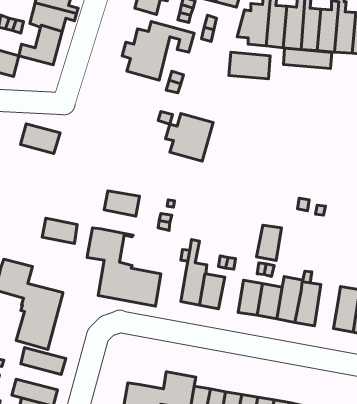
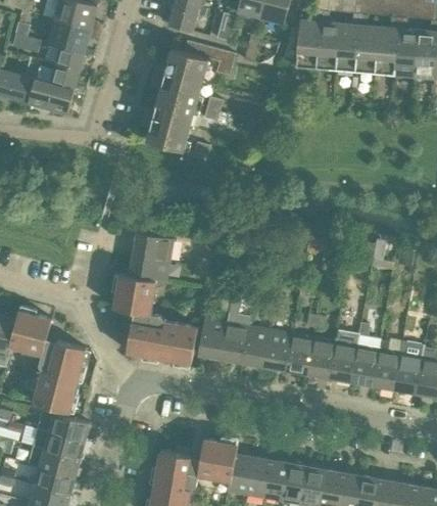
building: [283,48,332,69] -> none
building: [229,52,270,79] -> none
building: [165,113,213,161] -> [141,97,195,151]
building: [21,124,60,154] -> [30,80,75,113]
building: [42,218,77,244] -> [129,255,168,283]
building: [256,225,282,260] -> [262,331,291,371]
building: none -> [197,319,226,359]
building: none -> [372,339,399,389]
building: none -> [33,429,84,459]

